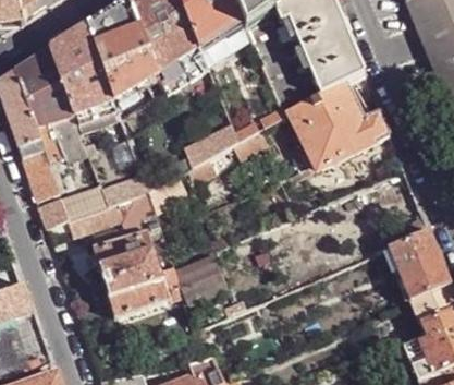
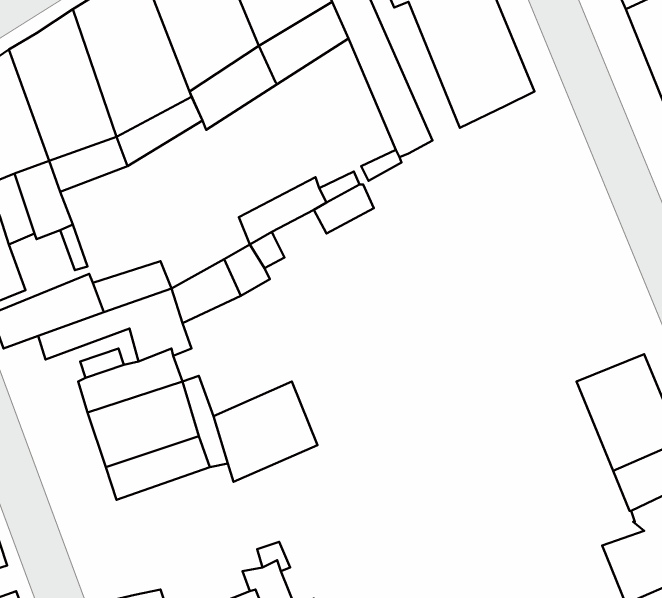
building: [287,82,389,170] -> none

